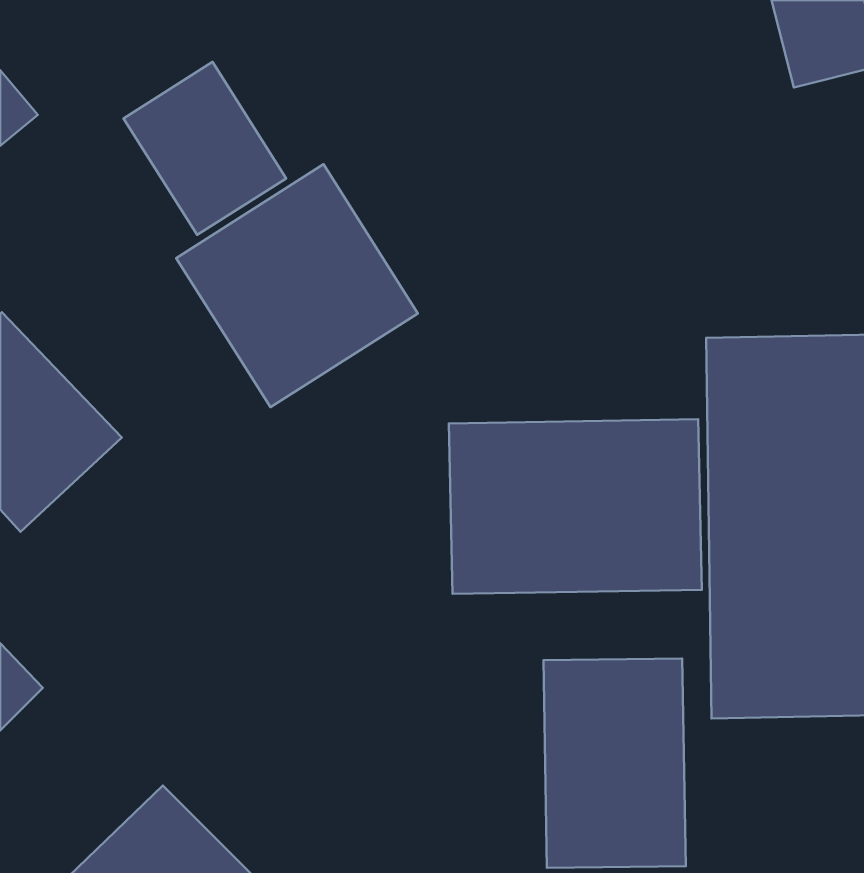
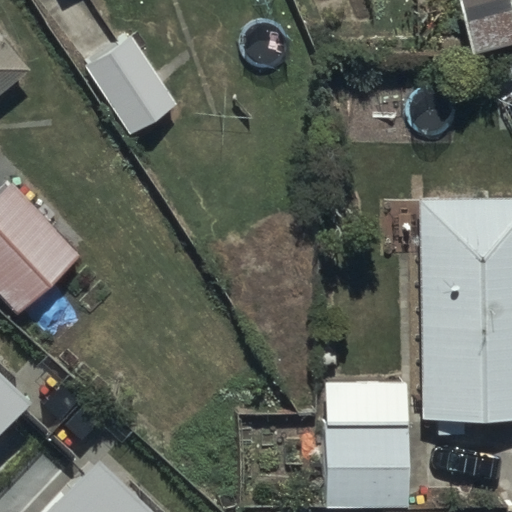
building: [176,164,418,407] -> none
building: [449,419,702,594] -> none

